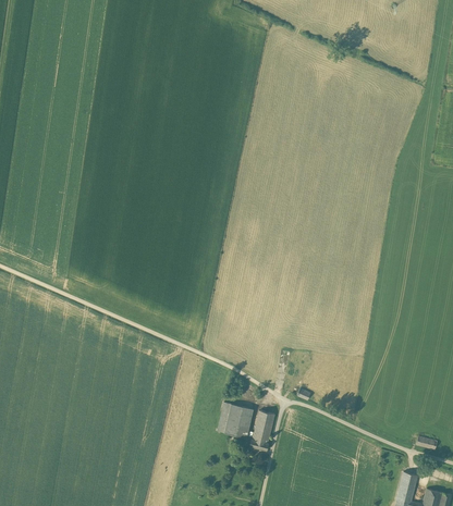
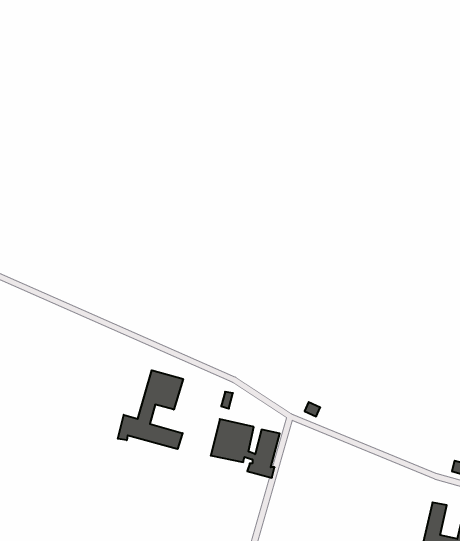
building: none -> [118,370,183,449]

